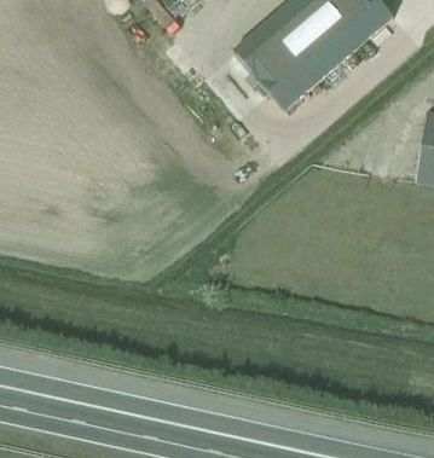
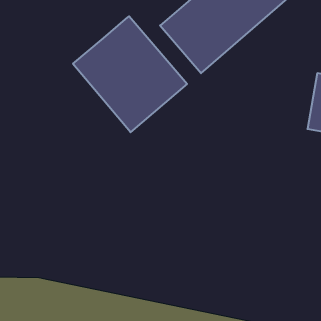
building: none -> [73,16,187,132]

